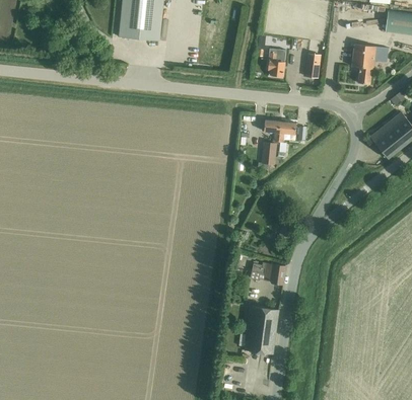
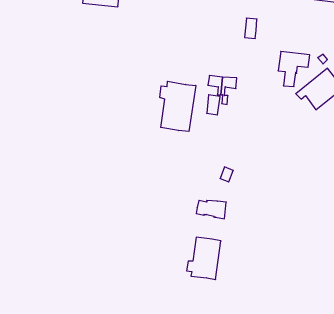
building: [351,44,388,84] -> [278,51,310,87]
building: [268,49,285,77] -> none
building: none -> [160,81,196,131]

